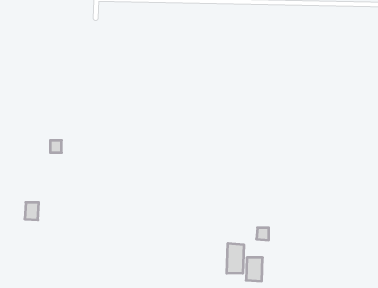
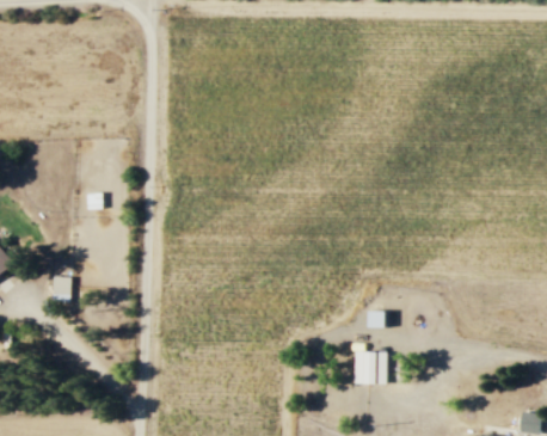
building: [227,243,244,273] -> none

